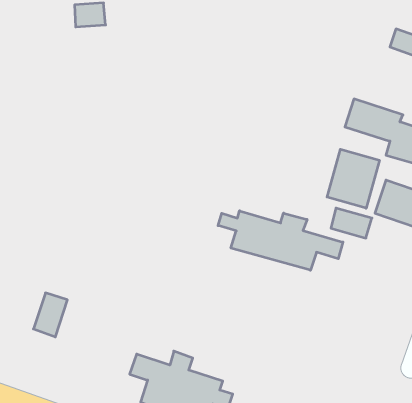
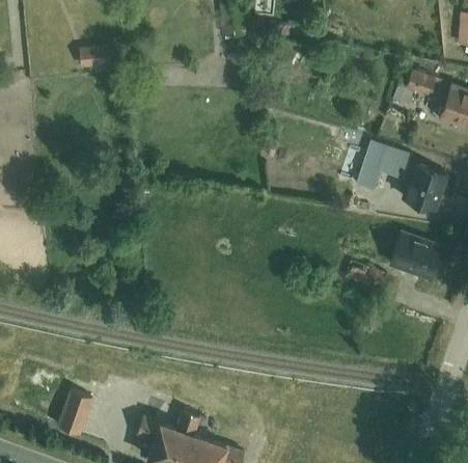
building: [327,149,379,208] -> none
building: [218,211,343,270] -> none
building: [33,293,67,337] -> [57,388,92,434]

